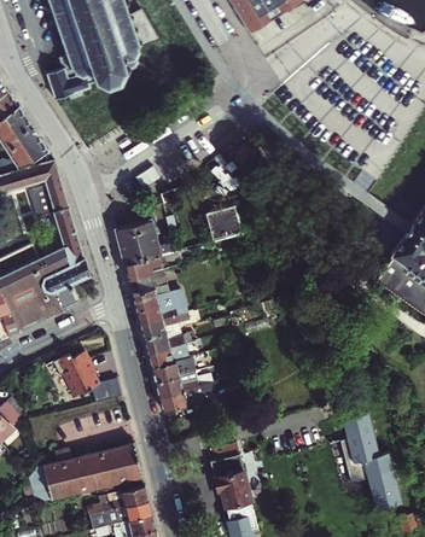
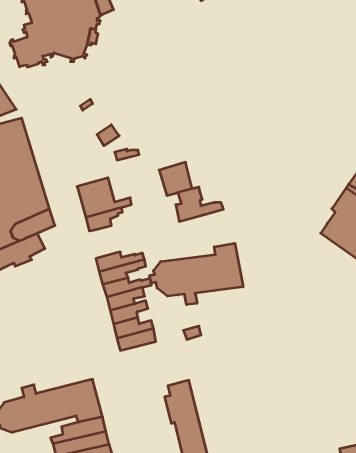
building: [132,274,184,311] -> [176,187,223,221]
building: none -> [149,243,243,305]
building: [46,350,121,402] -> none
building: [342,415,406,509] -> none

